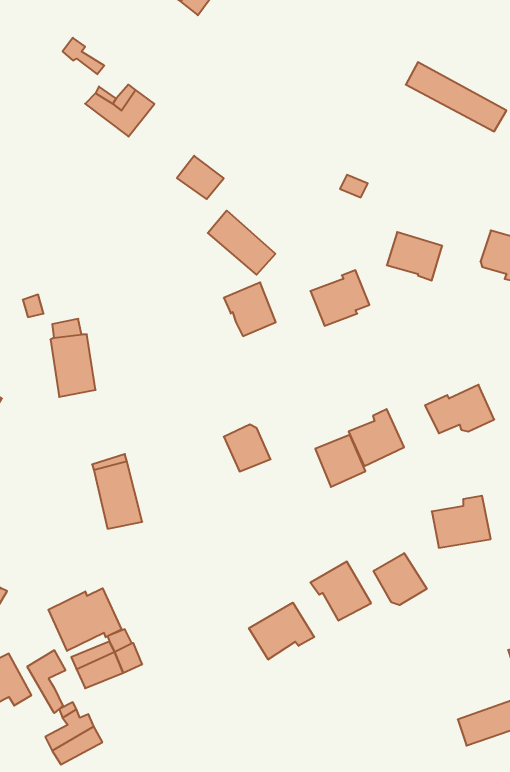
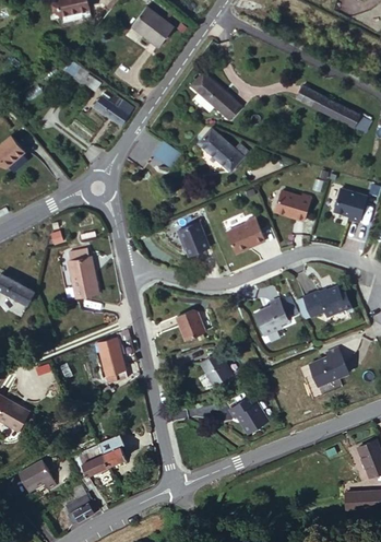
building: none -> [190,72,233,118]
building: [208,211,275,275] -> [200,130,242,170]
building: [315,435,365,487] -> [206,351,238,384]
building: [374,553,427,605] -> none
building: [48,588,121,651] -> none
building: [249,603,314,660] -> none
building: [27,650,65,713] -> none

